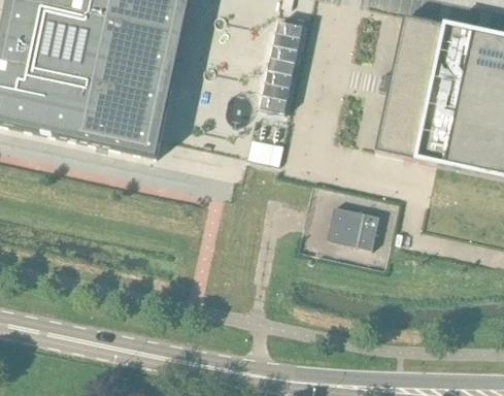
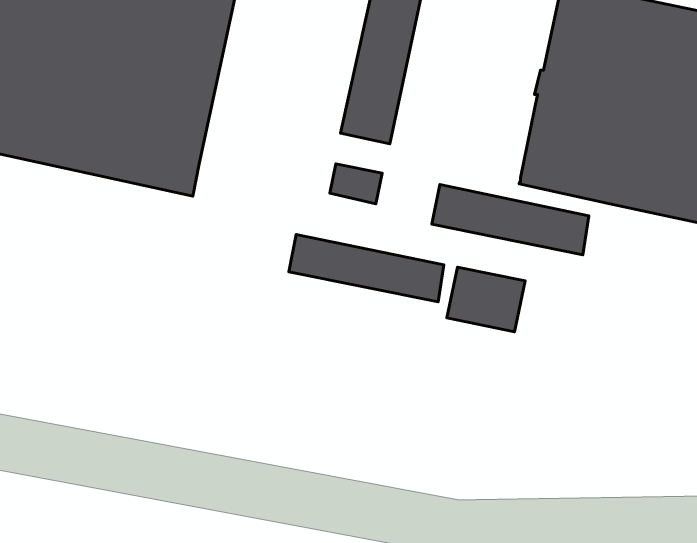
building: none -> [432,184,589,255]
building: none -> [289,235,444,302]

